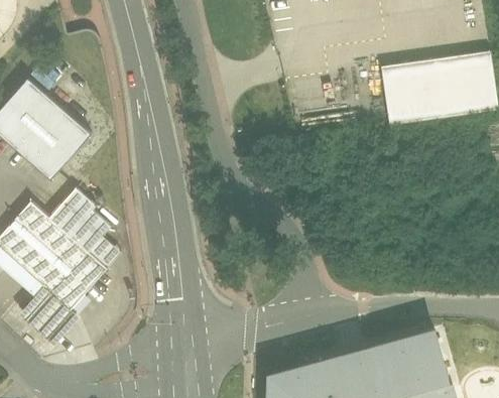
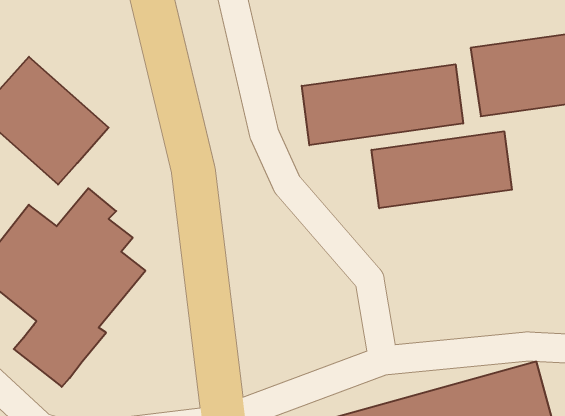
building: none -> [302,64,463,145]
building: none -> [372,131,512,208]

